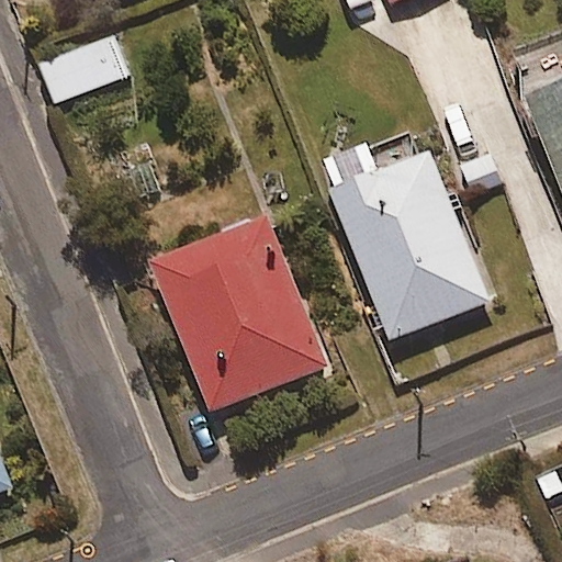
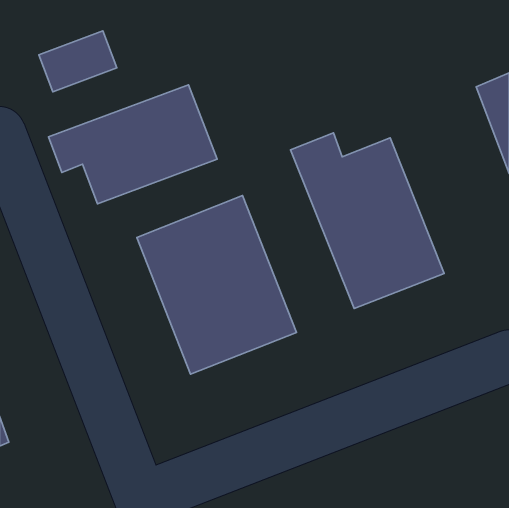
building: none -> [48,85,217,204]

